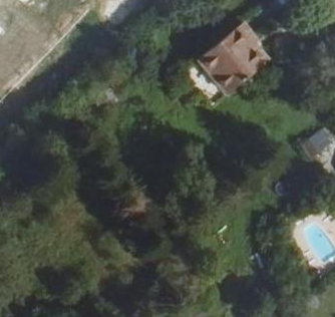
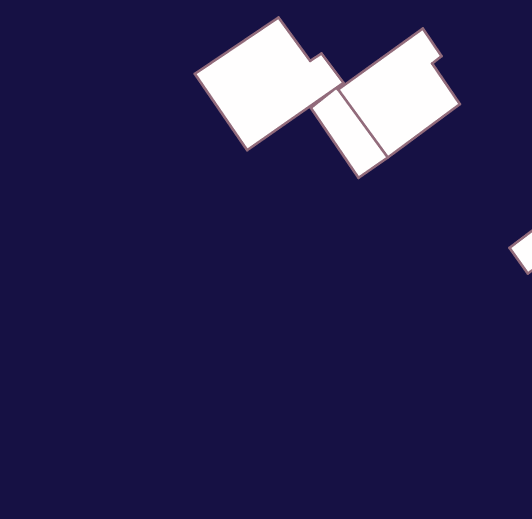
building: none -> [195,17,343,150]

